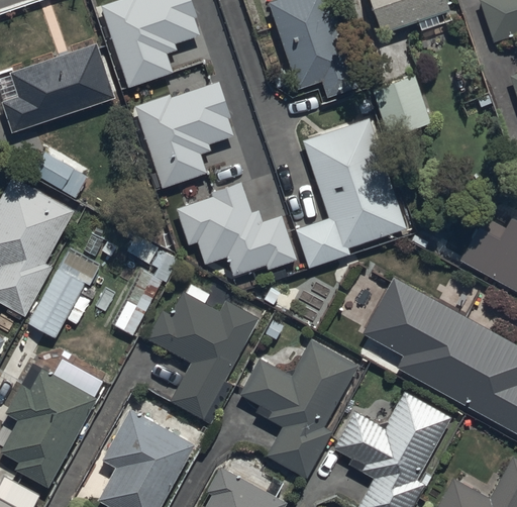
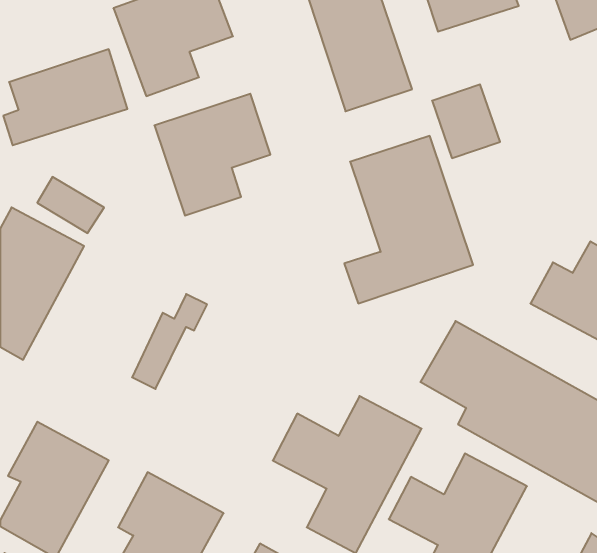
building: [180,186,295,279] -> none
building: [28,269,84,336] -> none
building: [146,286,260,419] -> none

